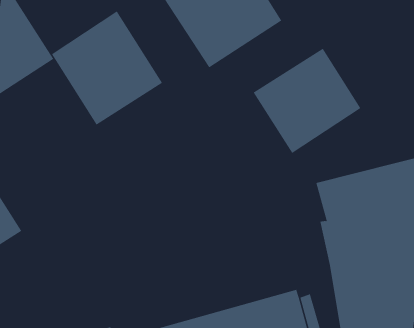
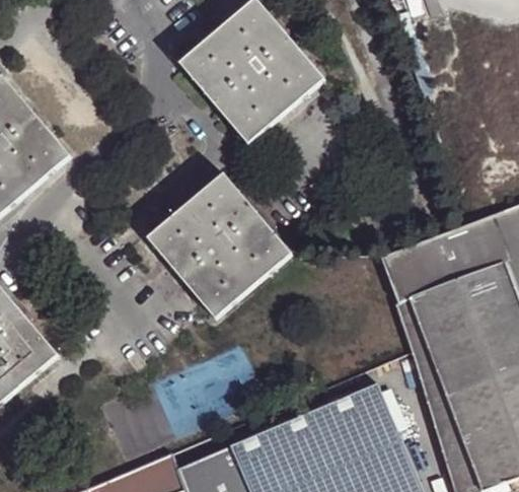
building: [51,11,163,126] -> none
building: [253,48,361,154] -> none
building: none -> [158,170,302,318]

